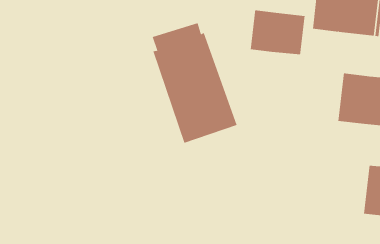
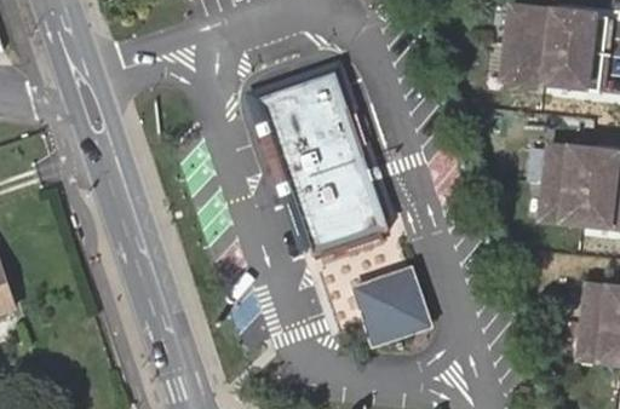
building: [250,10,305,55] -> none
building: none -> [356,266,429,339]

